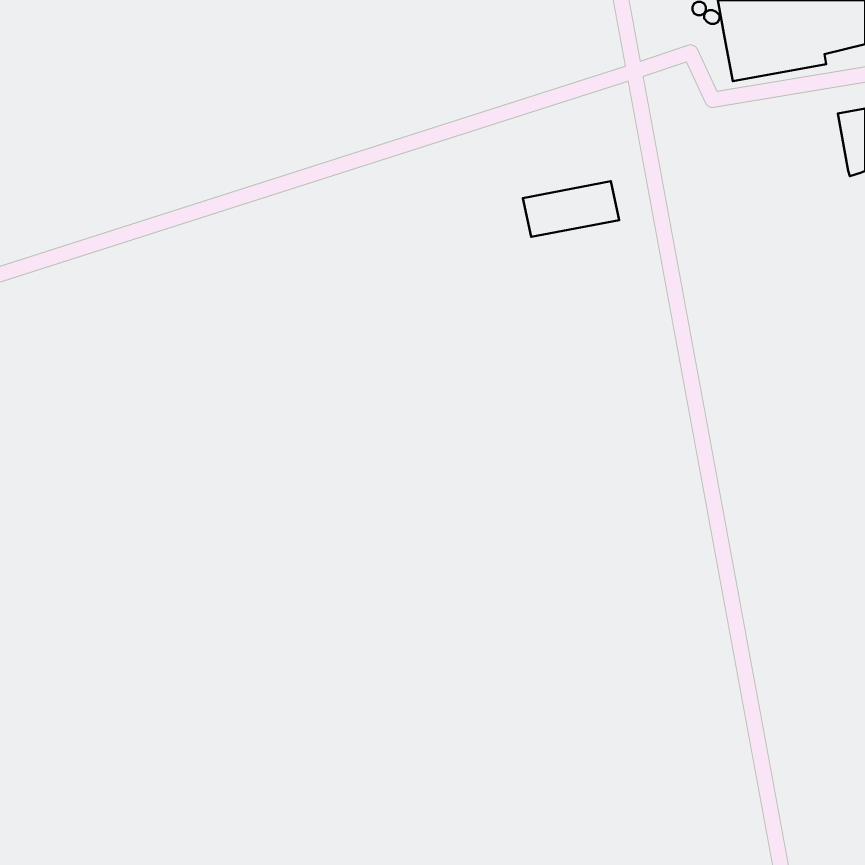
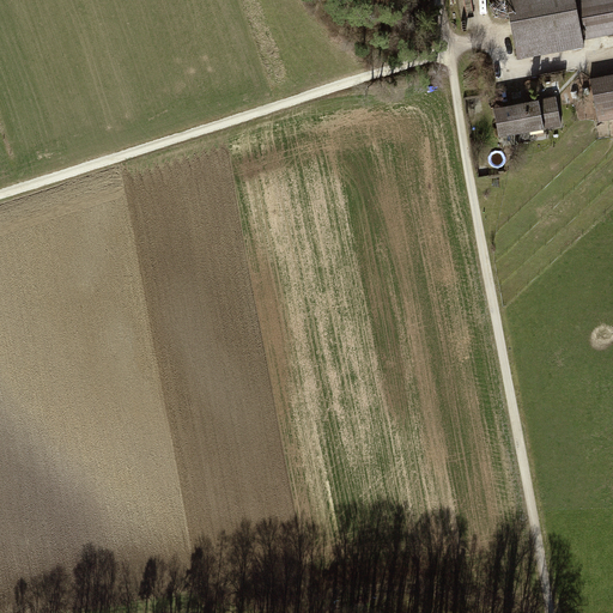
building: [523,181,619,237] -> [493,96,562,135]

